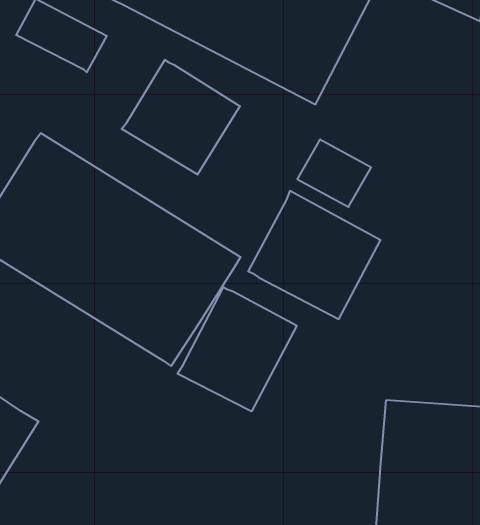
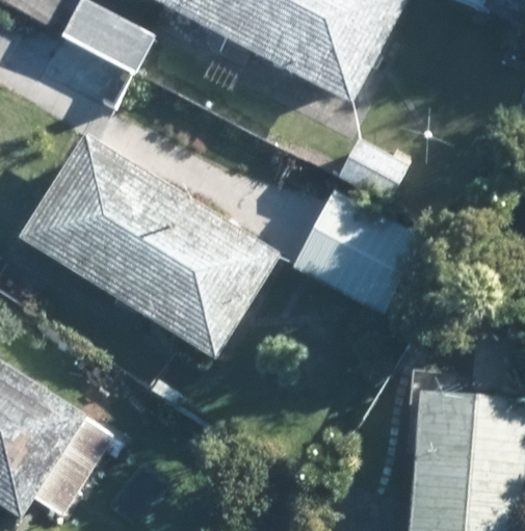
building: [122,60,240,175] -> none
building: [178,287,297,411] -> none

